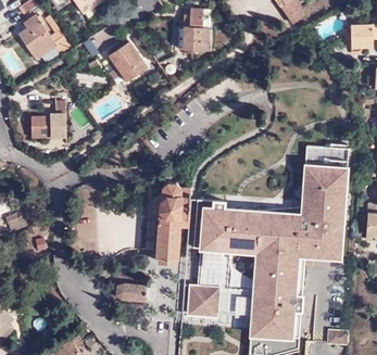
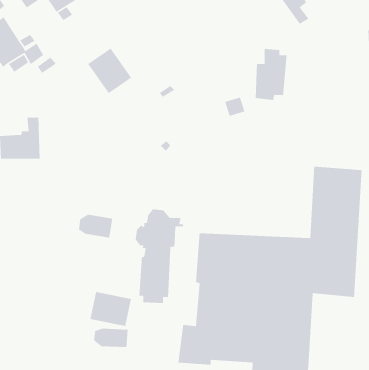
building: [184,10,212,55] -> [255,48,288,101]
building: none -> [78,214,113,239]
building: none -> [89,291,132,327]

